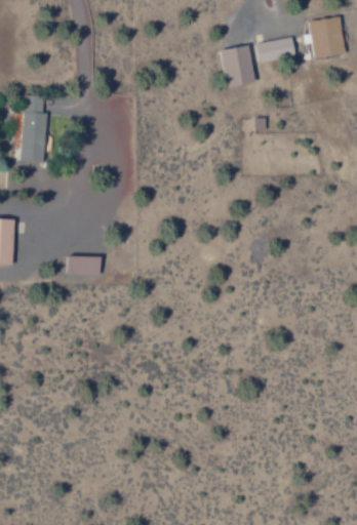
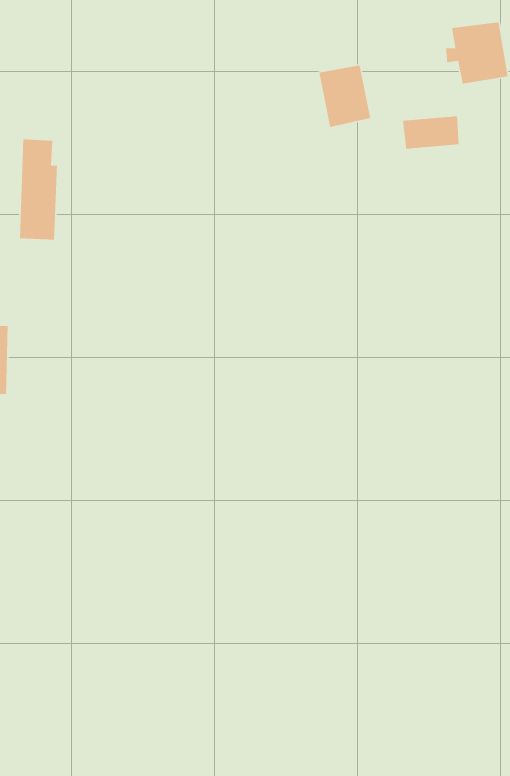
building: [256,38,294,60] -> [402,115,459,149]
building: [67,255,100,275] -> none

